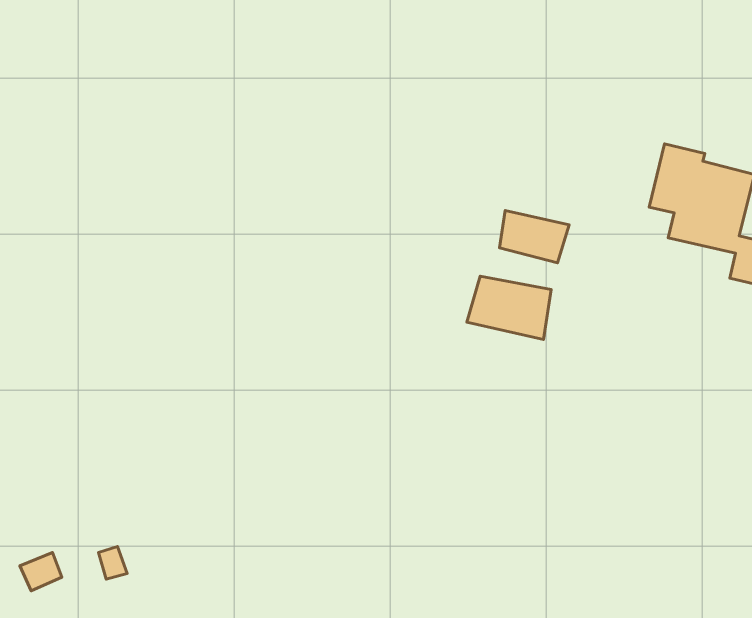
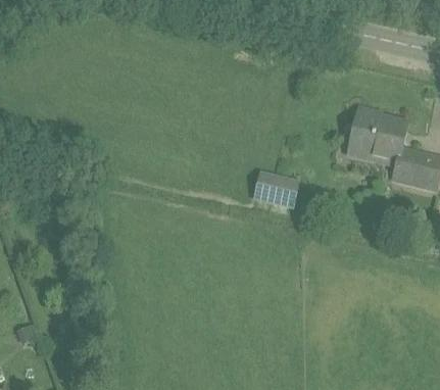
building: [500,211,569,263] -> none

